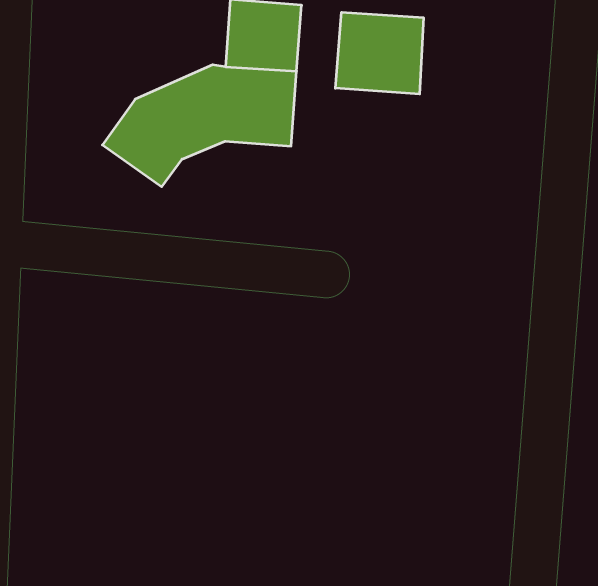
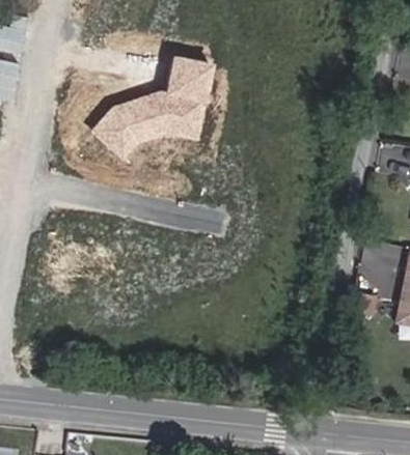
building: [335,12,423,94] -> none

